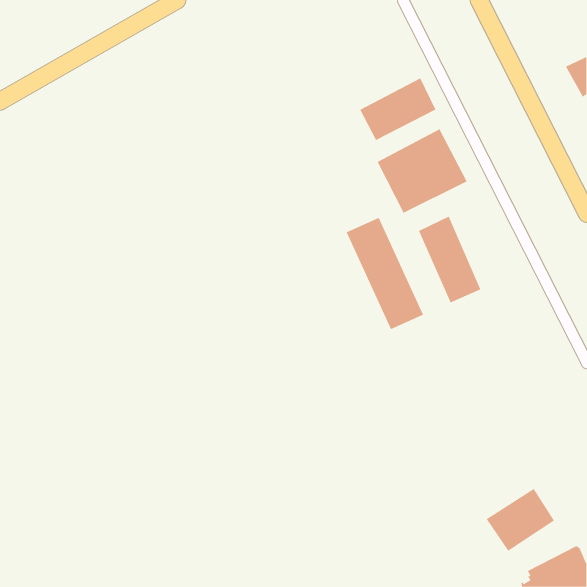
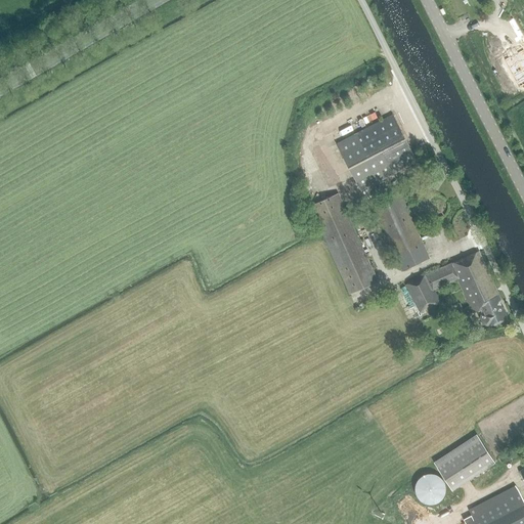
building: [359,77,436,141] -> none
building: none -> [405,251,508,325]
building: none -> [414,474,444,505]

